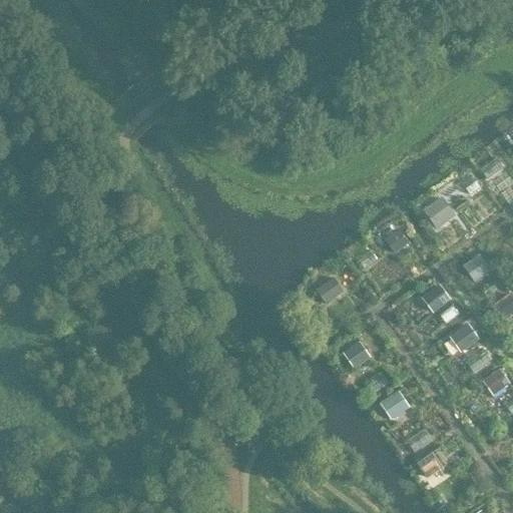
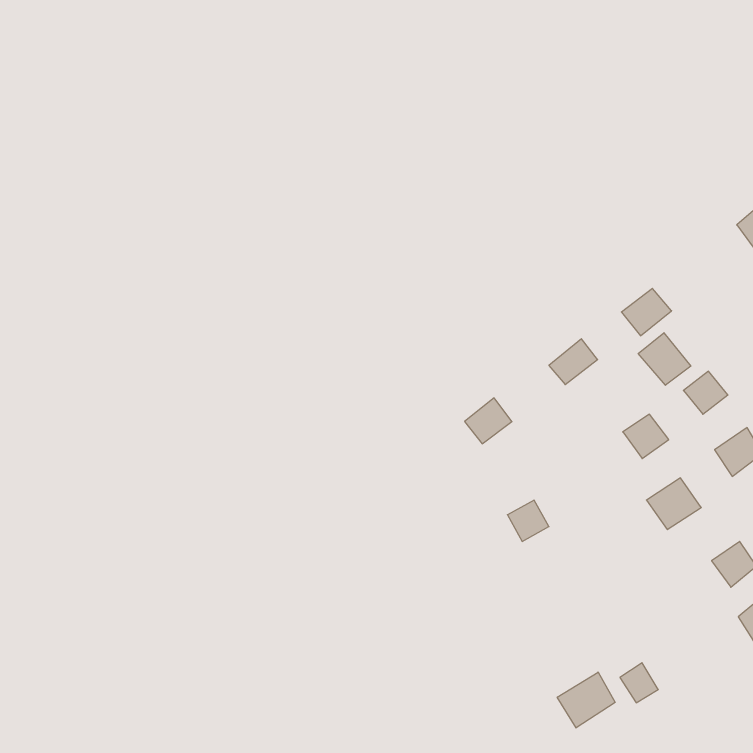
building: none -> [638,333,691,385]
building: [378,391,412,422] -> none
building: none -> [557,672,615,728]

